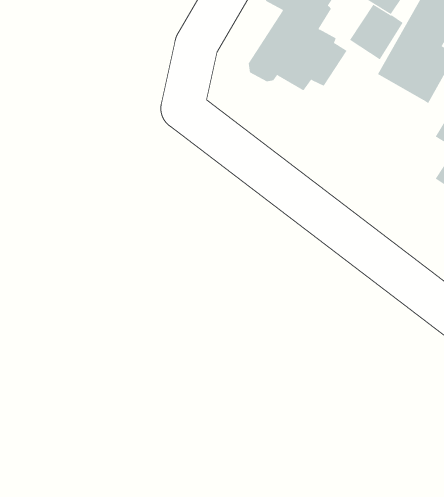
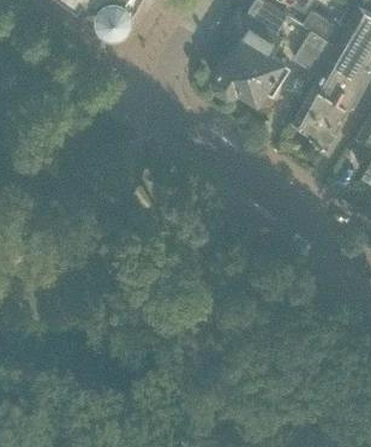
building: none -> [294,85,351,145]

